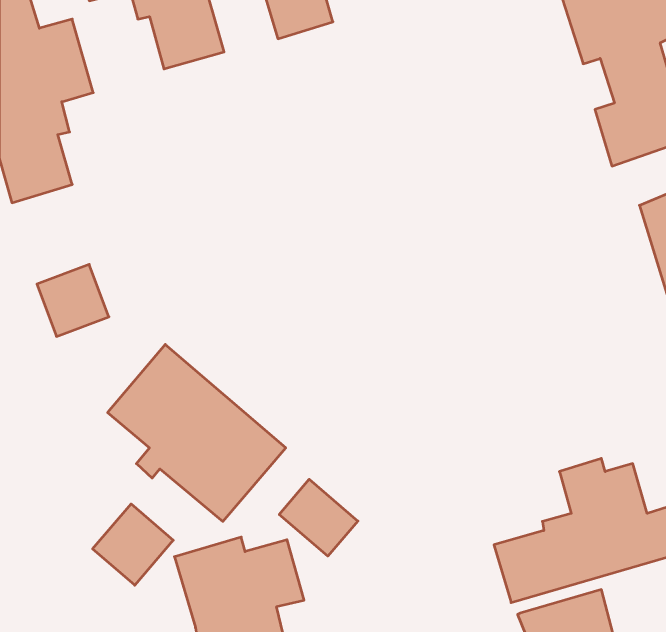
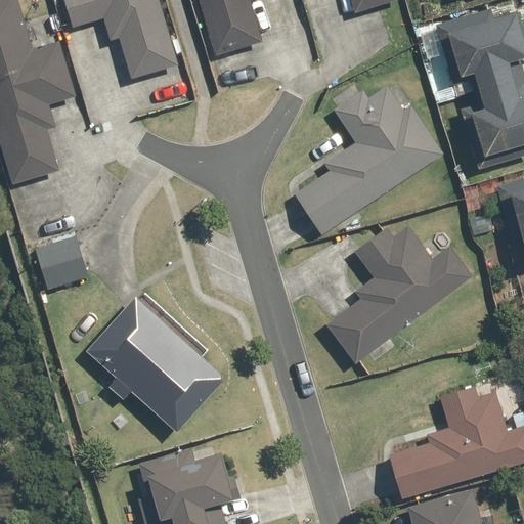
building: none -> [293,87,442,234]
building: none -> [325,227,473,363]
building: [279,479,358,556] -> none
building: [93,504,173,585] -> none

